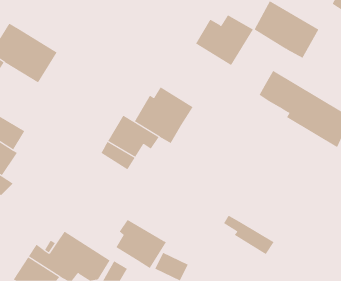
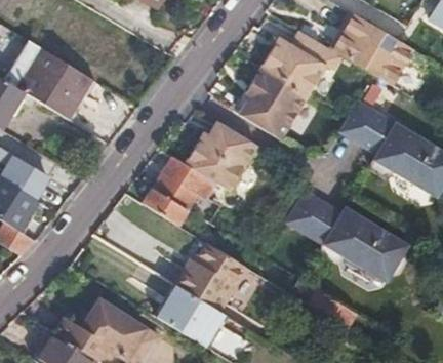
building: none -> [239,67,306,138]
building: none -> [284,190,406,285]
building: none -> [176,242,247,311]

